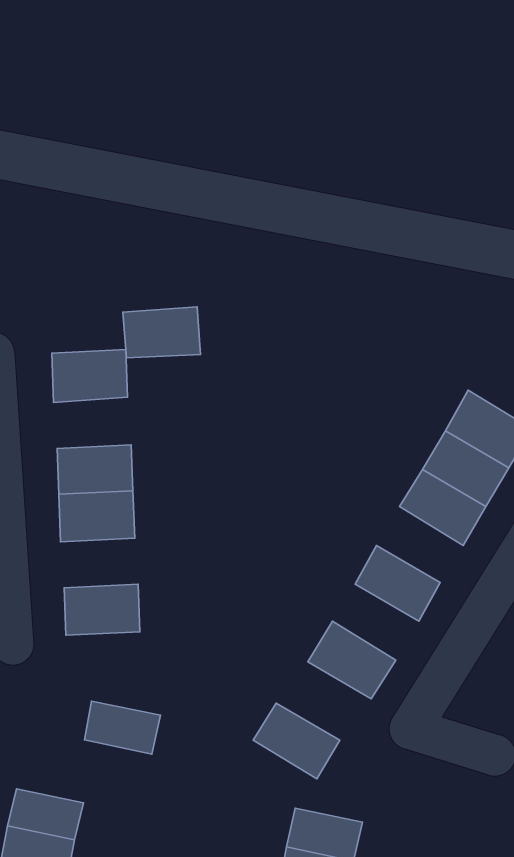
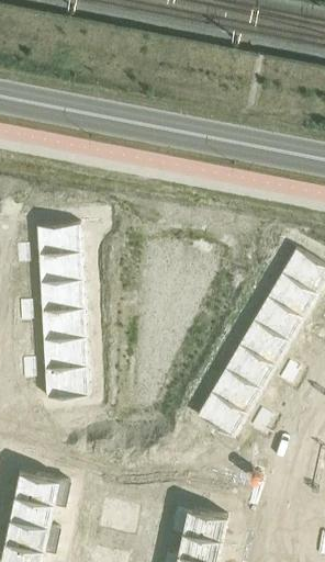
building: [123,307,201,358] -> [37,251,86,283]
building: none -> [238,319,292,367]
building: none -> [42,339,90,370]
building: [85,701,160,754] -> [14,471,61,504]
building: [253,703,340,779] -> [211,368,265,415]

